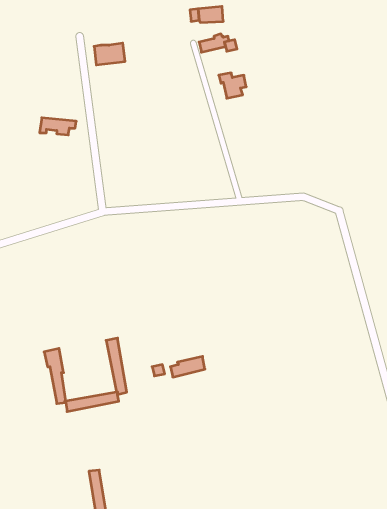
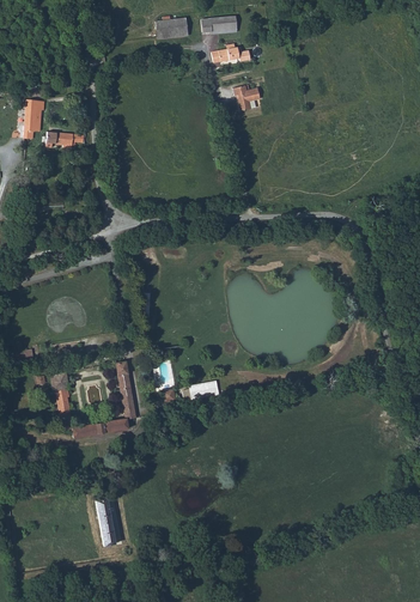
building: [94,43,125,65] -> [154,17,187,39]
building: none -> [23,99,43,139]

